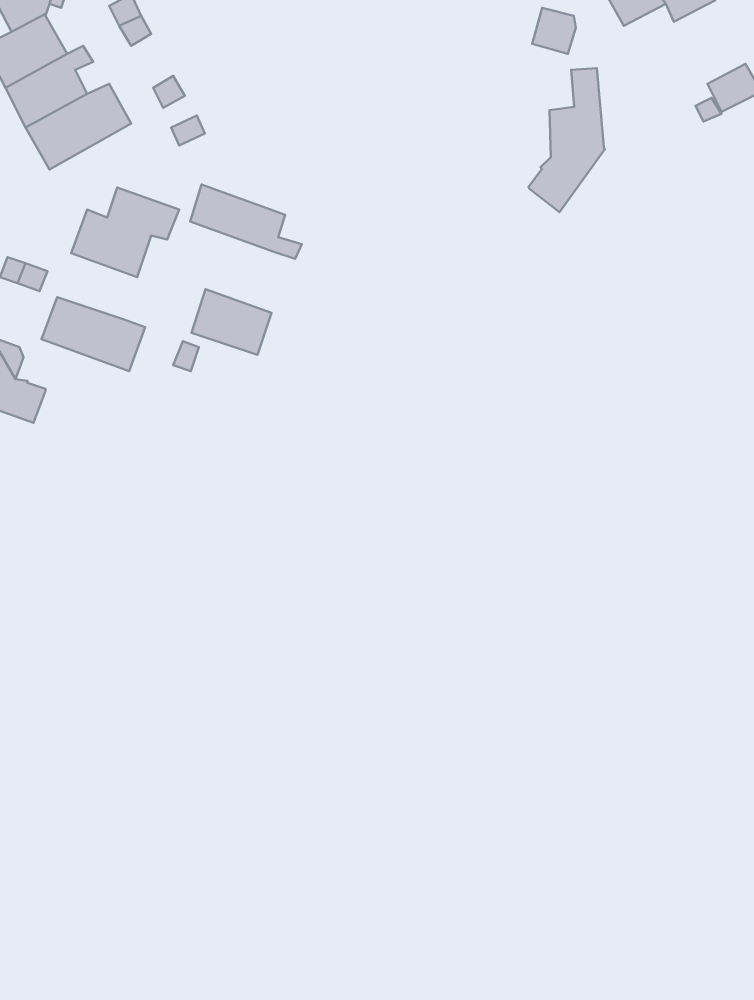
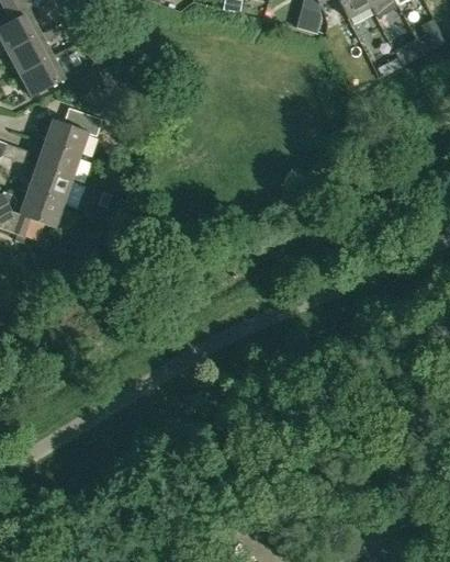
building: [528,68,605,212] -> none
building: [190,184,302,259] -> none
building: [192,289,271,355] -> [35,144,79,180]
building: none -> [19,191,63,228]

